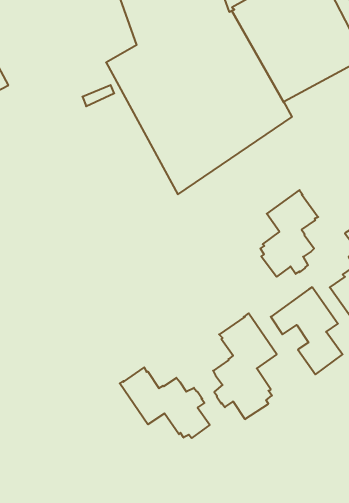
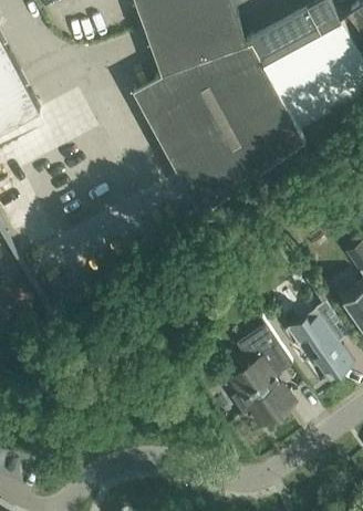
building: [260,190,318,277] -> none
building: [120,367,210,438] -> none

